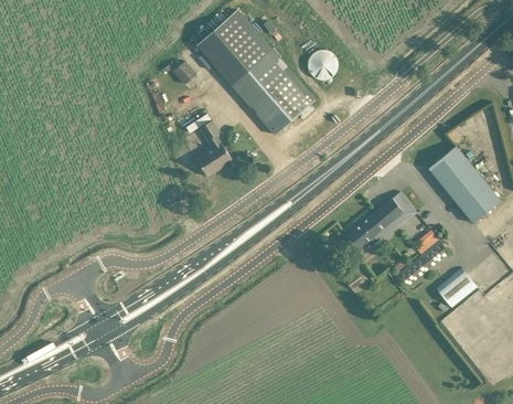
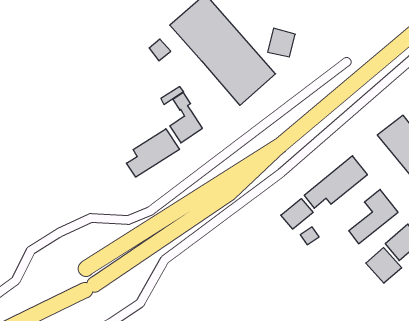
building: none -> [126,129,179,177]
building: none -> [281,199,313,229]
building: none -> [366,248,402,283]

